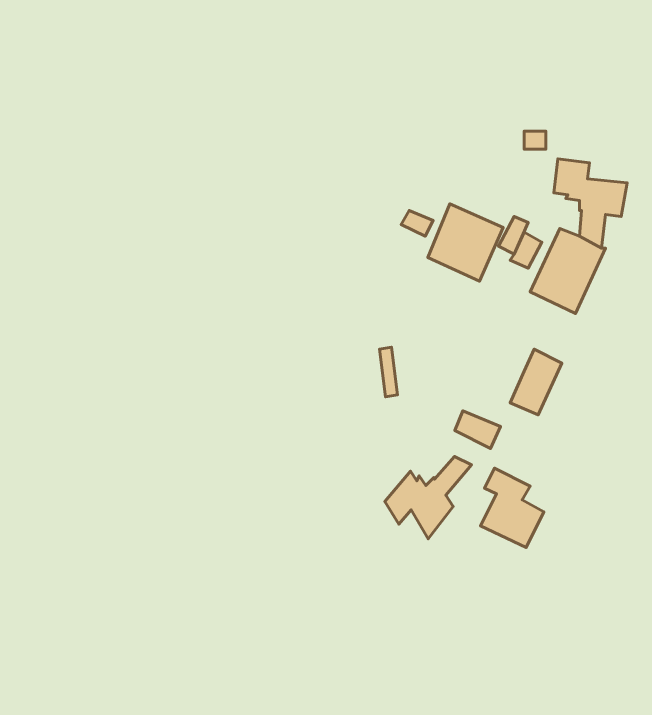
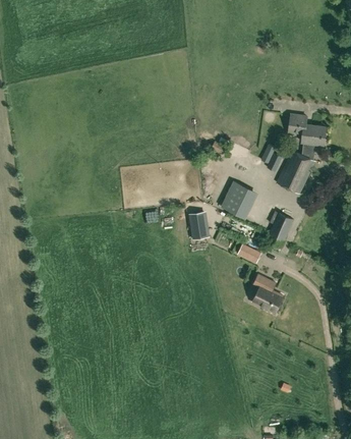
building: [428,204,503,281] -> [224,178,262,218]
building: [385,457,472,539] -> none

